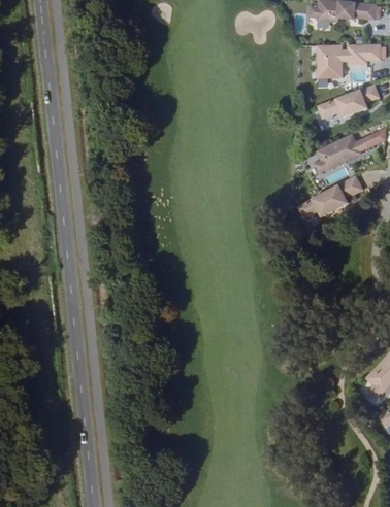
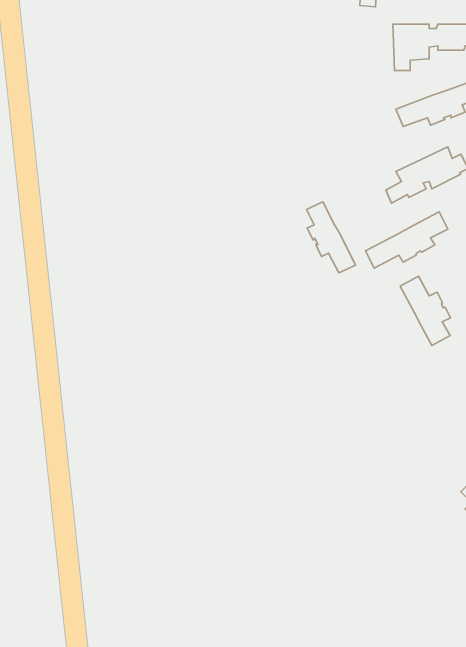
building: none -> [306,202,355,273]
building: none -> [400,276,450,346]

